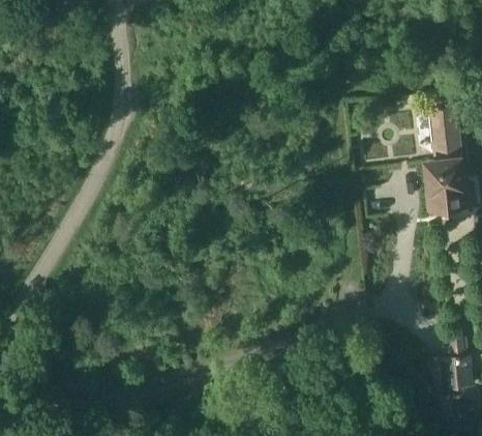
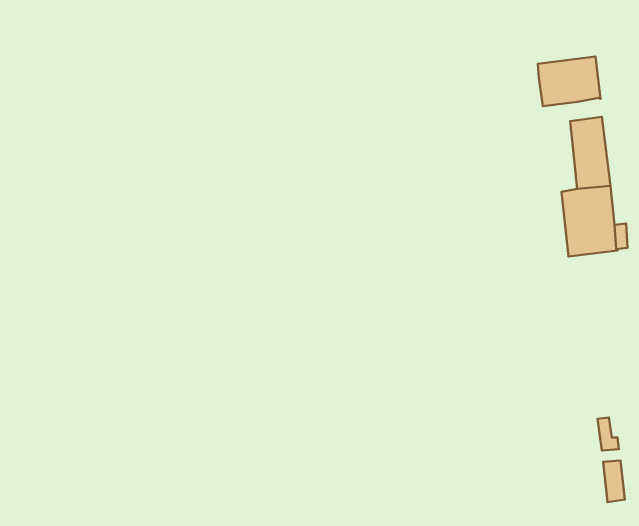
building: none -> [538,57,600,106]

